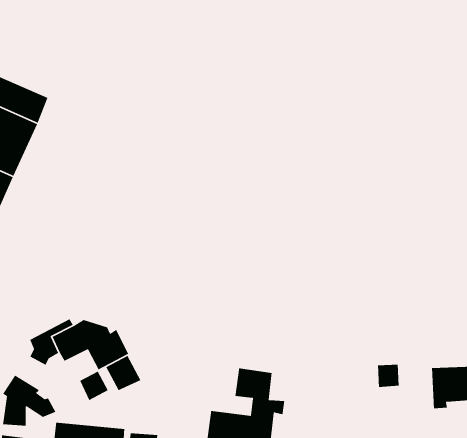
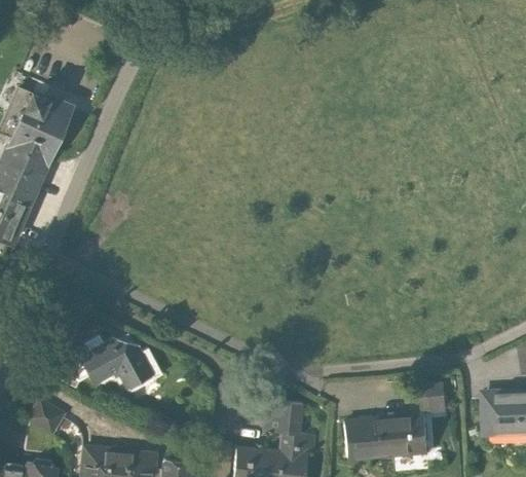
building: [105,355,141,391] -> none
building: [79,371,109,401] -> none
building: none -> [344,415,427,458]

